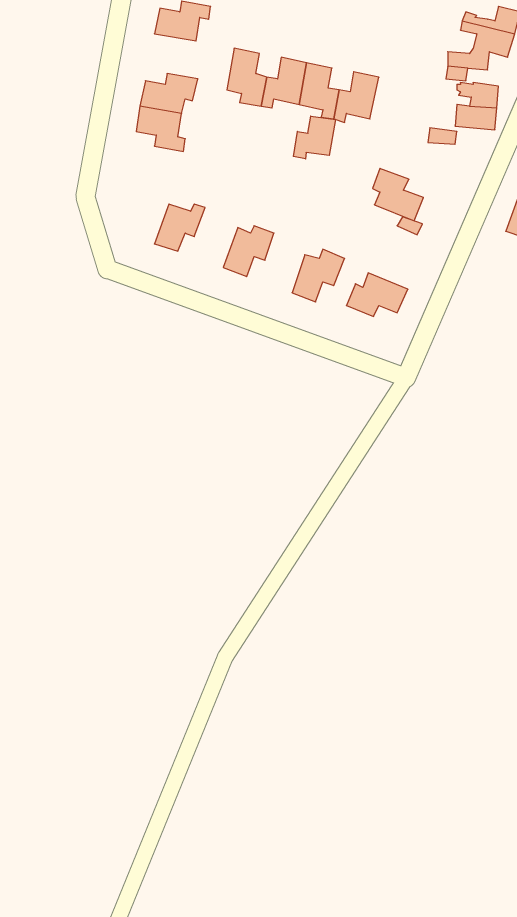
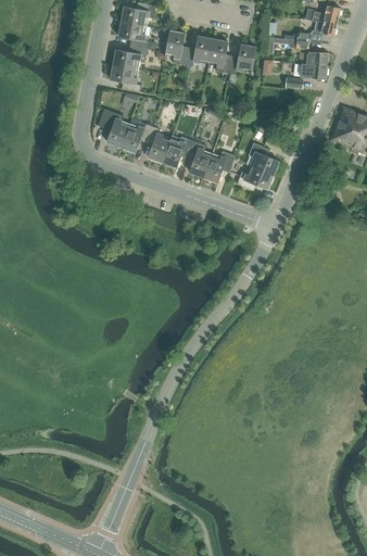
building: none -> [118,21,149,48]
building: [293,116,335,159] -> none
building: [373,168,423,221] -> [249,142,279,174]
building: none -> [98,108,130,147]
building: none -> [145,125,172,161]
building: none -> [188,140,212,176]

